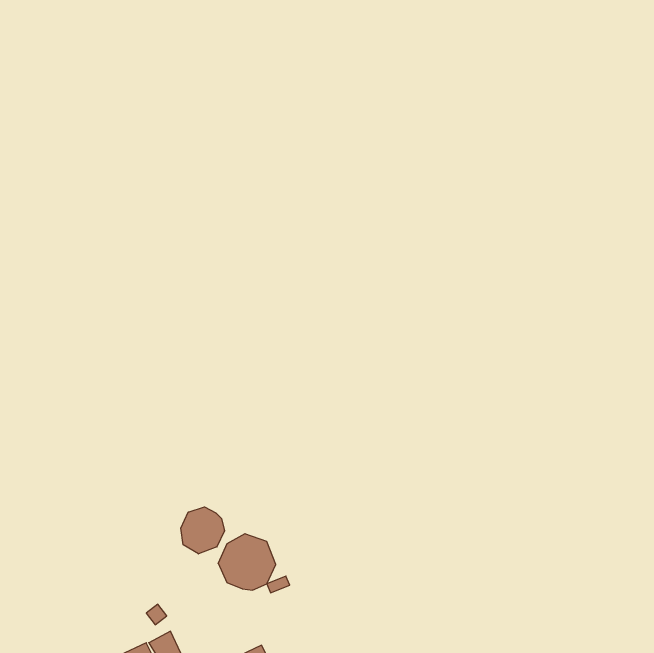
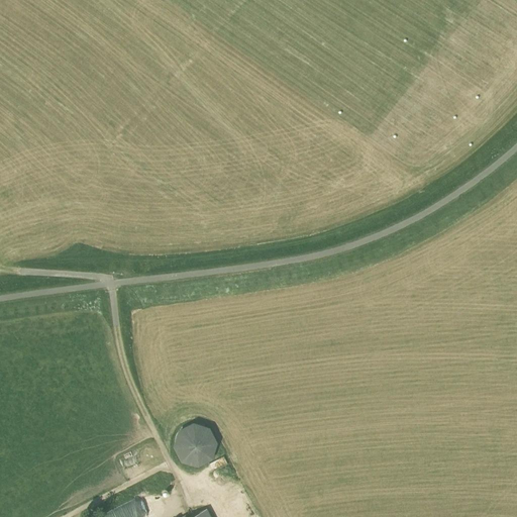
building: [181,507,224,554] -> none

